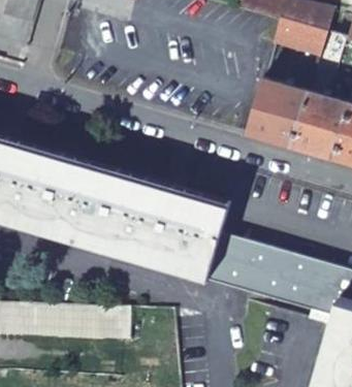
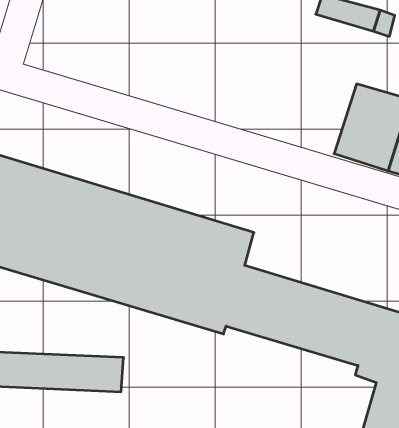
building: [245,76,308,144] -> none

